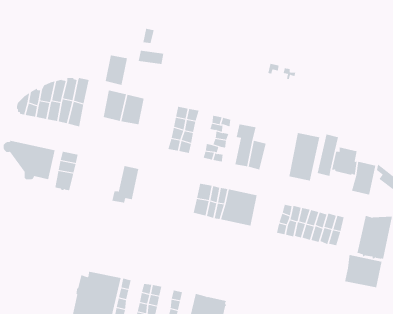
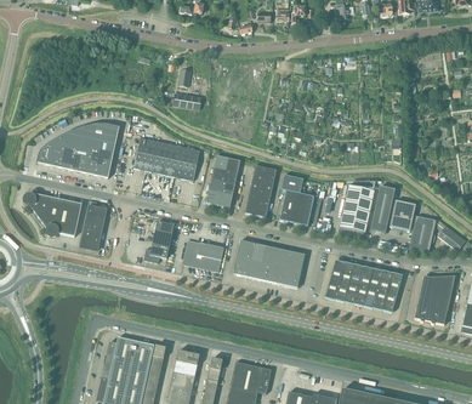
building: [105,55,128,86] -> [174,146,199,180]
building: none -> [182,239,223,271]
building: [345,254,382,288] -> none

